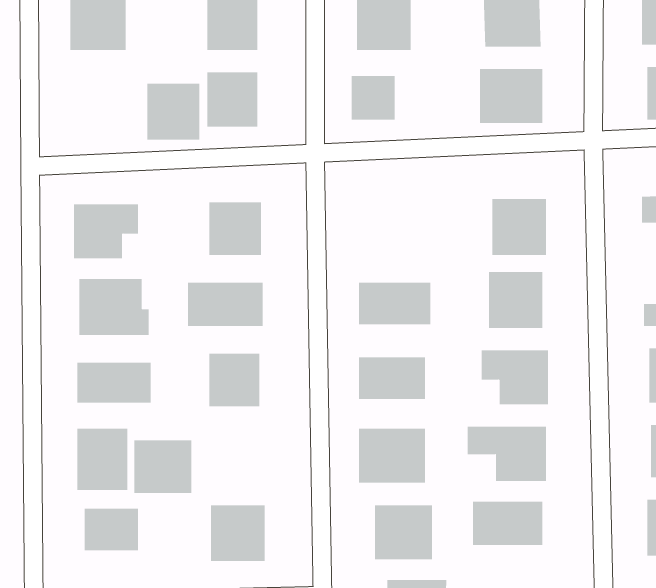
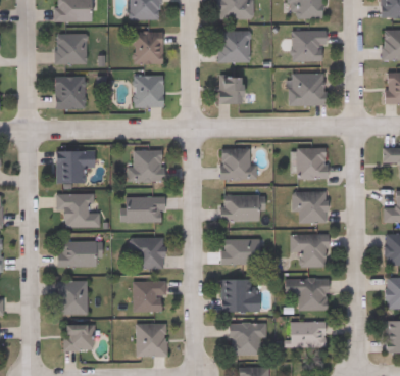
building: [147,83,200,140] -> [55,76,86,108]
building: none -> [220,149,254,179]
building: [133,440,192,493] -> [134,281,167,312]

